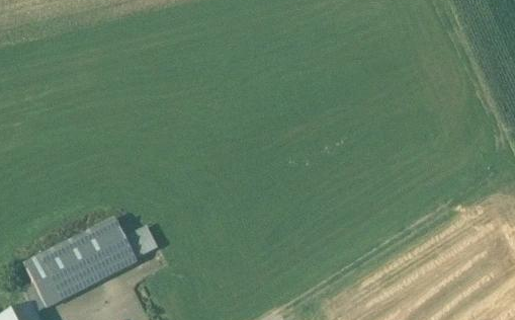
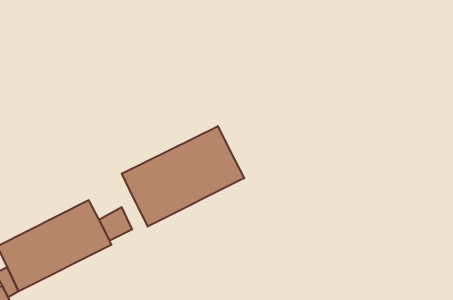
building: none -> [122,126,244,227]

